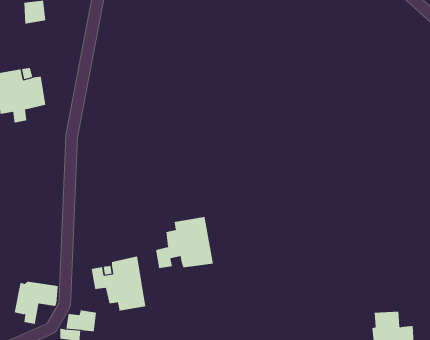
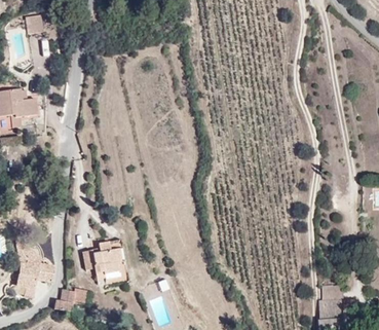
building: [156,216,213,269] -> none

